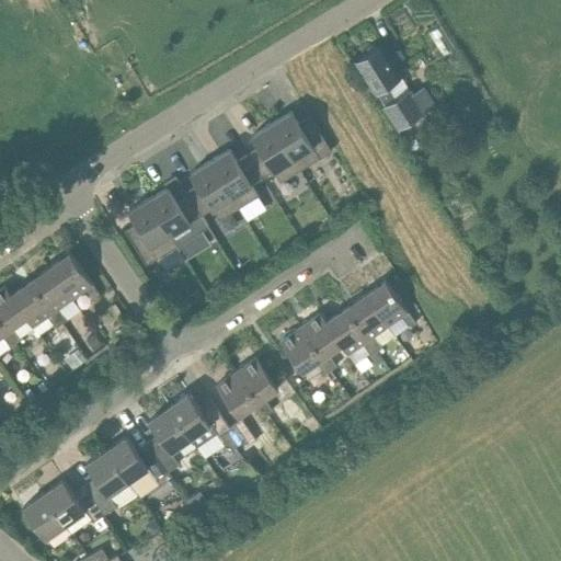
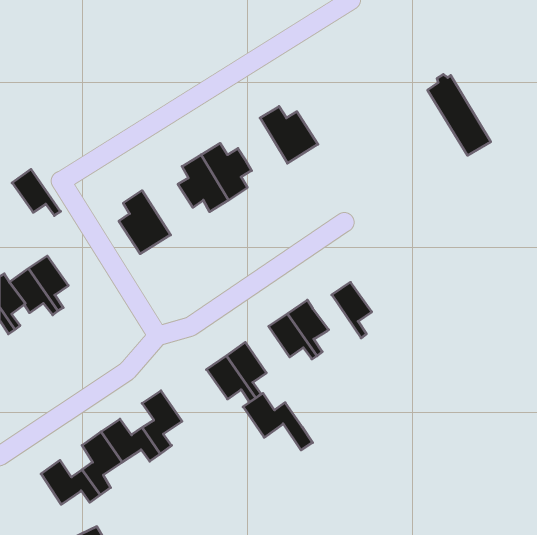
building: [356,47,422,131] -> [428,74,491,155]
building: [248,126,299,185] -> none
building: [148,190,207,248] -> none
building: [49,255,100,304] -> [12,169,61,216]
building: [365,283,415,332] -> none
building: [325,310,376,358] -> none
building: [168,396,240,455] -> [243,393,313,450]
building: [22,496,64,541] -> none

